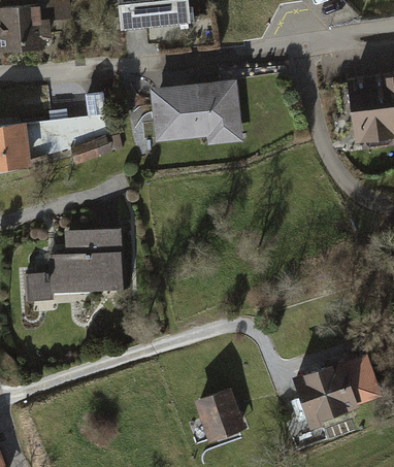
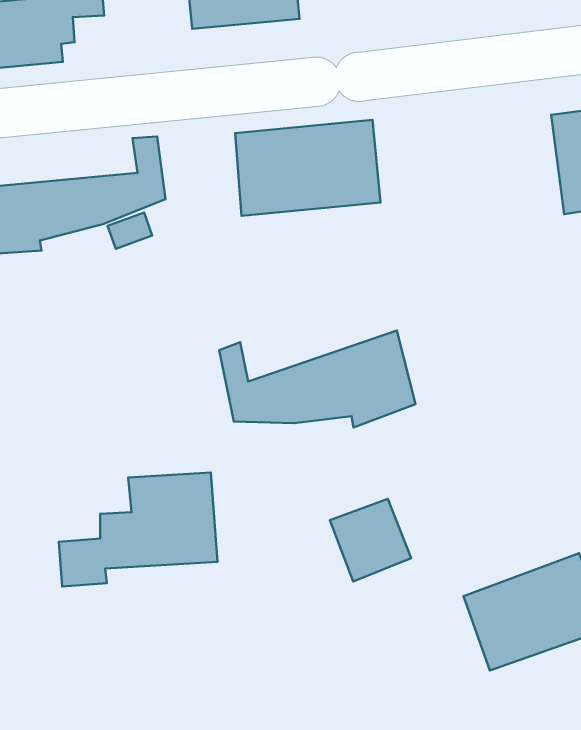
building: none -> [219,330,415,428]
building: [24,232,123,303] -> [59,472,218,587]
building: [194,387,244,438] -> [330,499,411,581]

